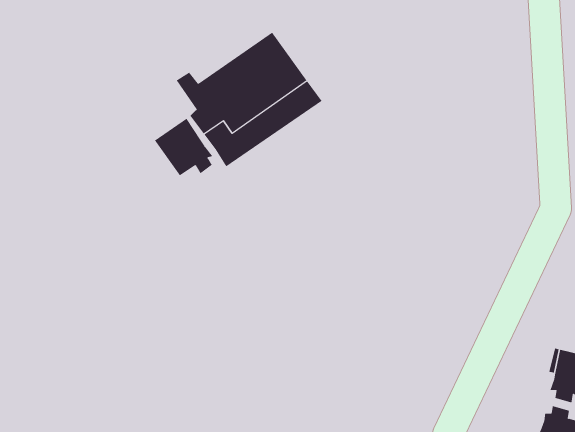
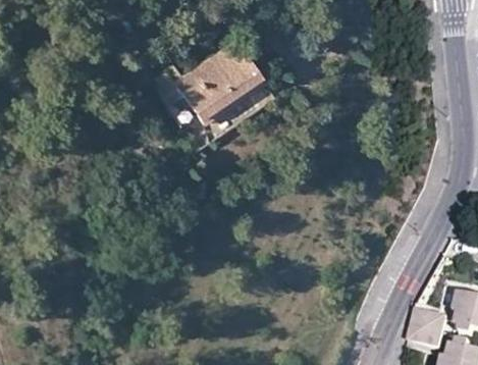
building: [154,118,213,176] -> none
building: none -> [407,305,447,345]

